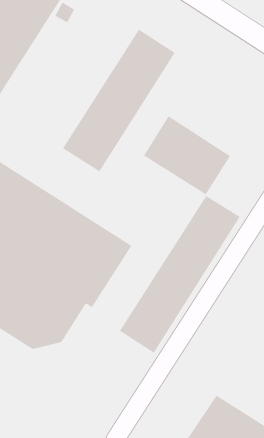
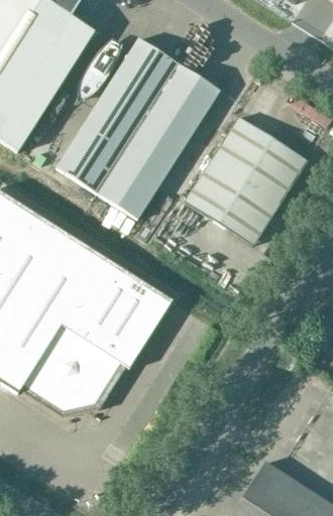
building: none -> [56,37,180,194]
building: none -> [212,116,308,203]
building: [119,195,240,353] -> none

